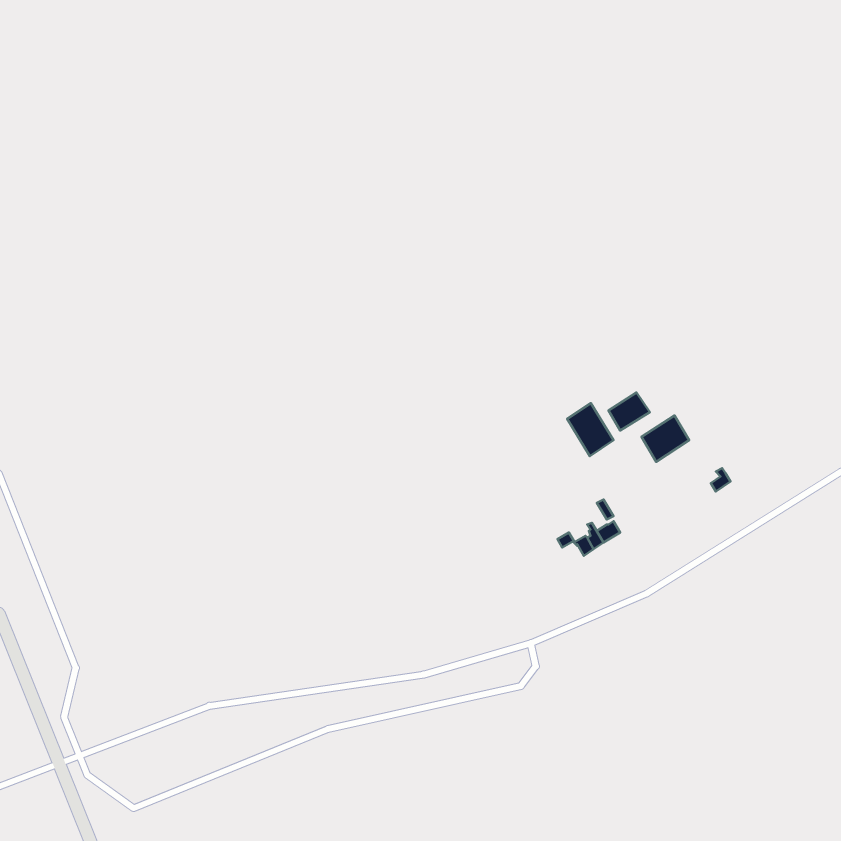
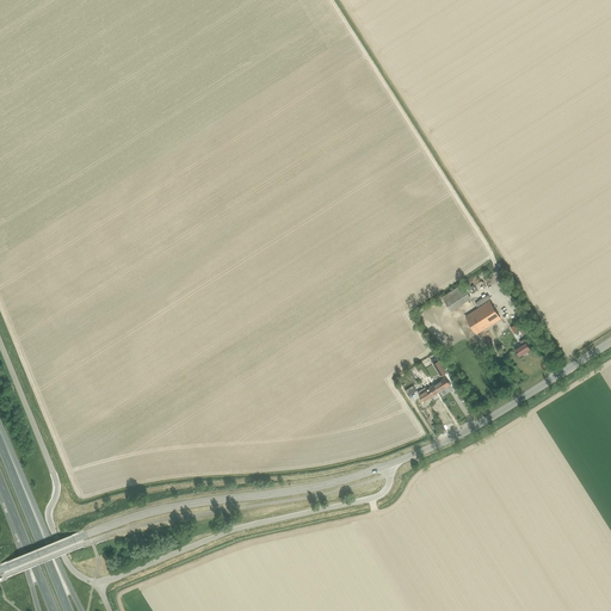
building: [567,403,613,456] -> none

